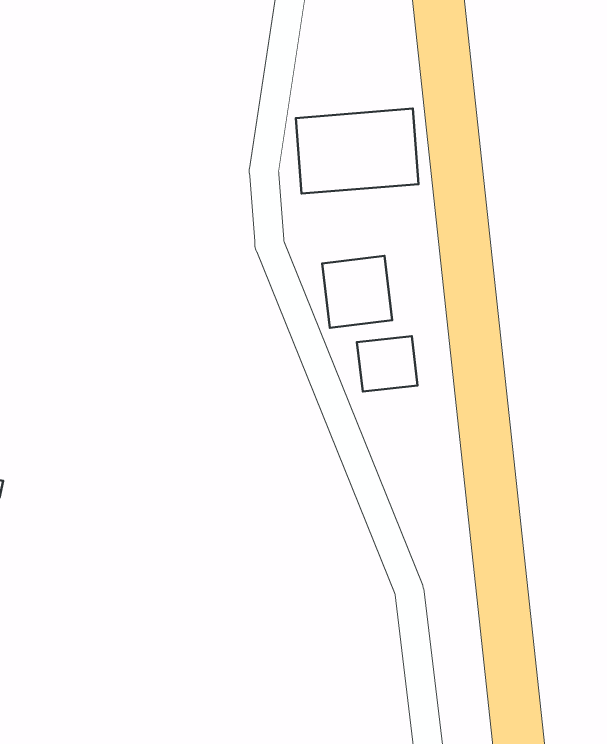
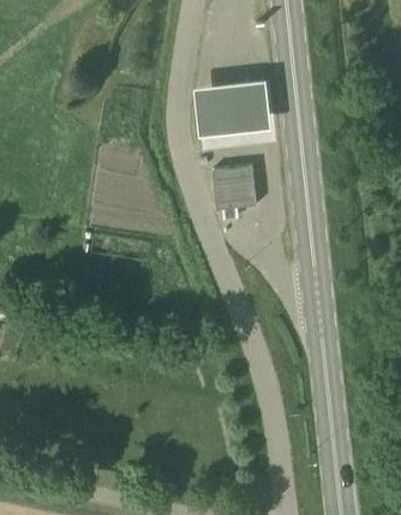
building: [357,336,418,392] -> none

